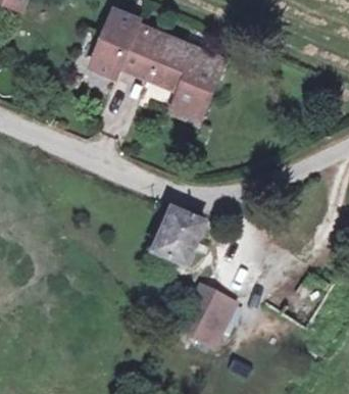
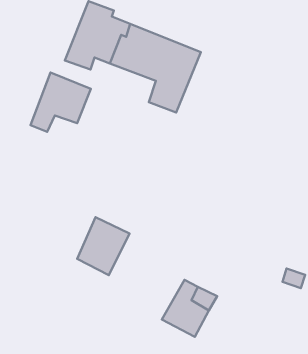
building: none -> [31,73,91,132]
building: [155,210,207,268] -> [77,217,129,275]

